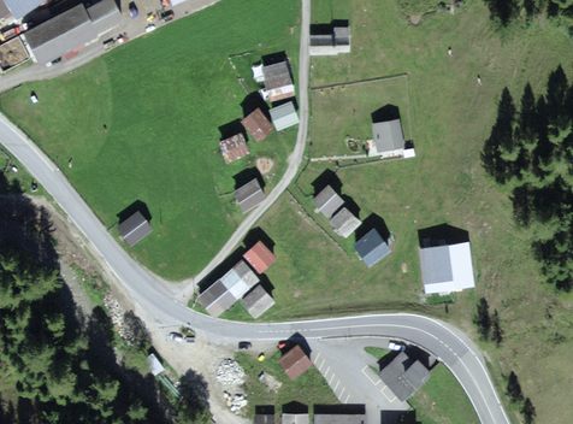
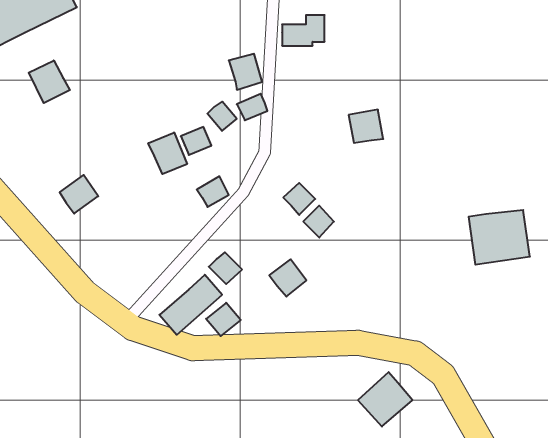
building: none -> [29,60,70,103]
building: none -> [148,132,187,174]
building: [117,211,152,246] -> [60,175,98,214]
building: [354,232,388,266] -> [269,259,306,297]
building: [419,243,474,293] -> [469,210,530,265]
building: [278,347,312,381] -> none

